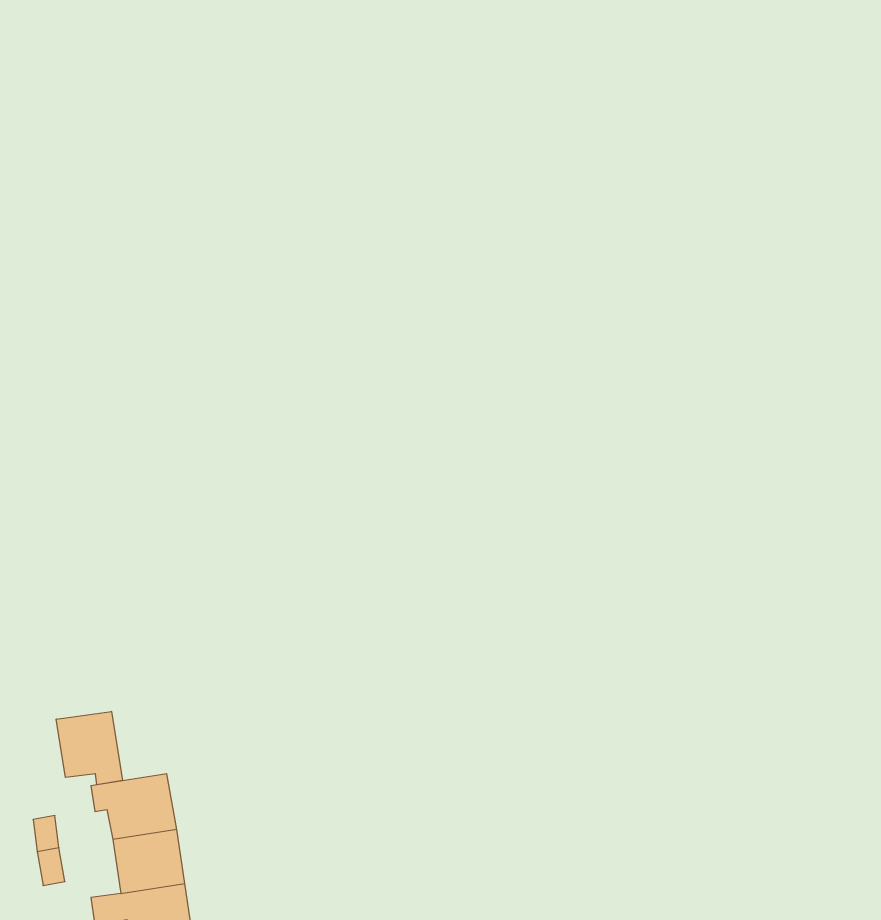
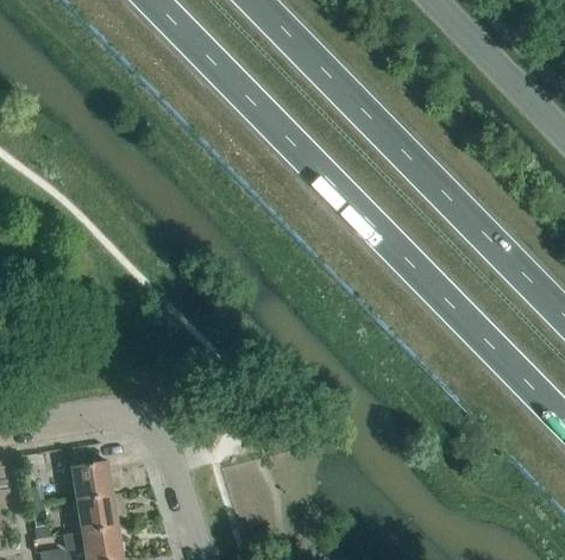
building: [56,711,122,785] -> none

